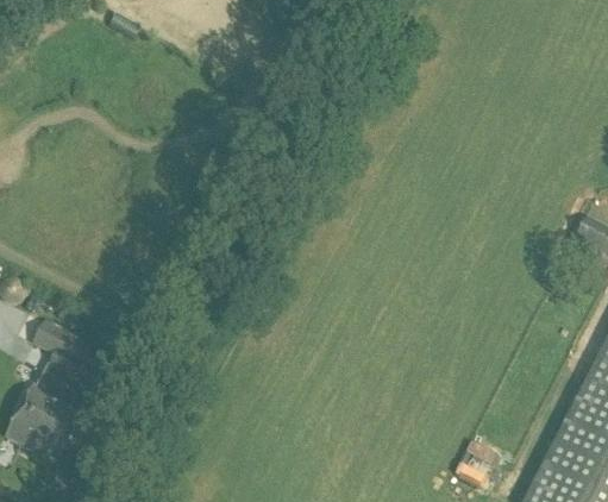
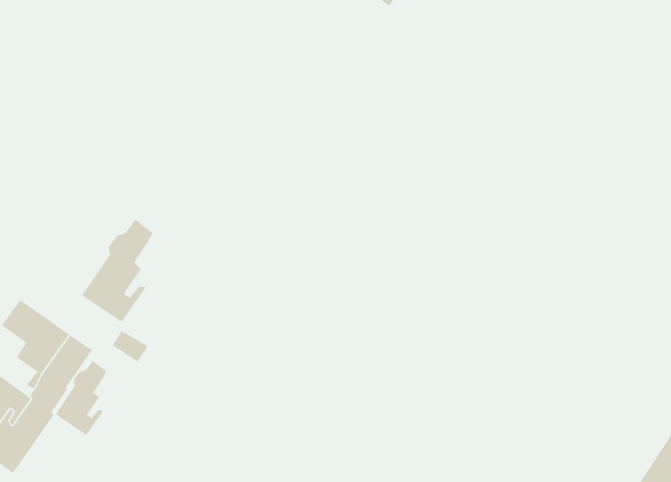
building: none -> [82,219,153,323]
building: none -> [55,360,107,436]

